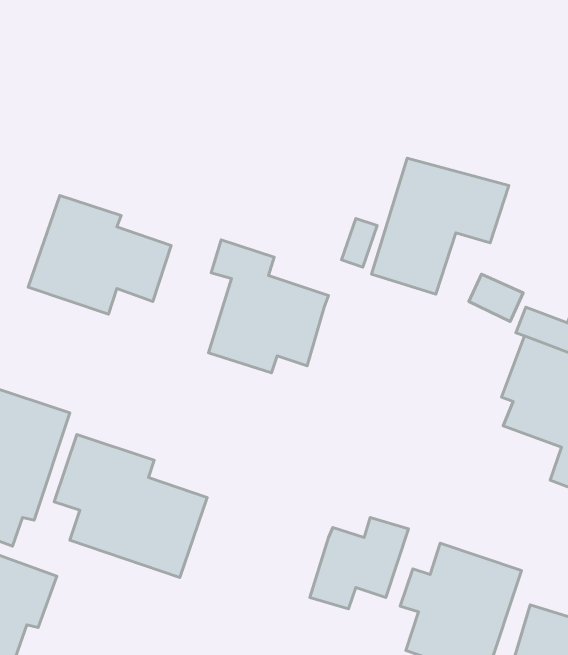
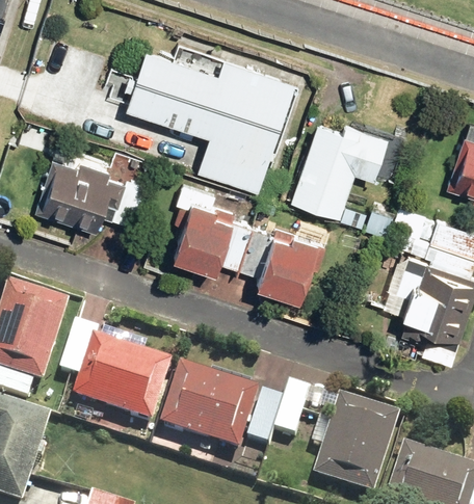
building: none -> [126,47,296,191]
building: none -> [242,224,328,302]
building: none -> [149,364,258,469]

